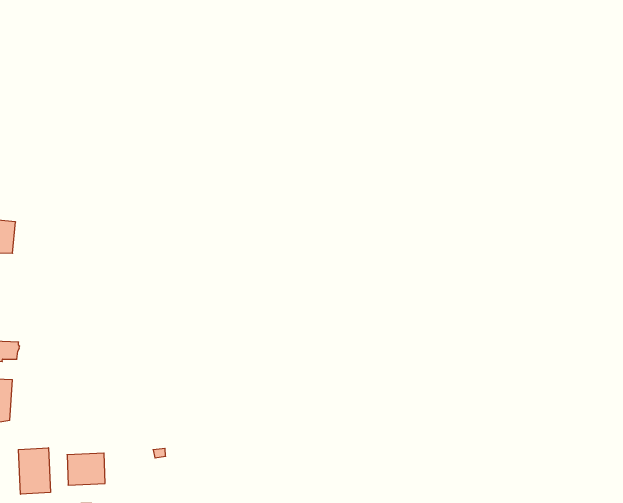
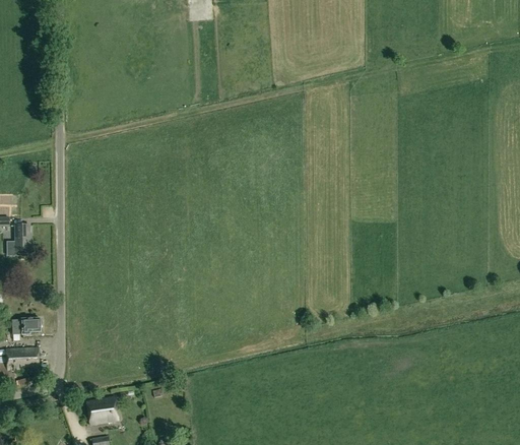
building: [18,448,50,494] -> none

